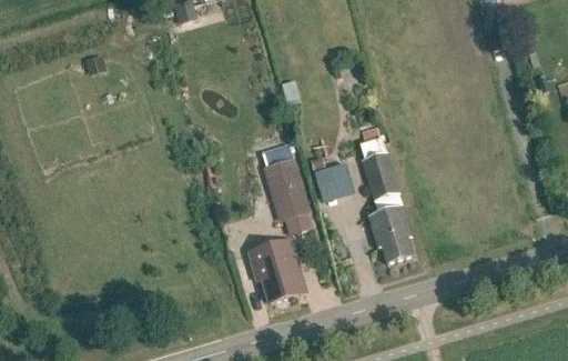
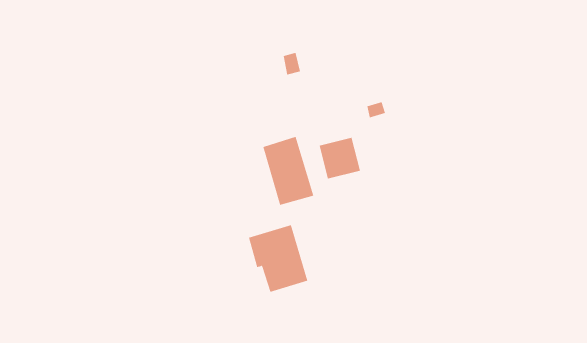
building: [363,153,397,200] -> none
building: [368,204,413,262] -> none

